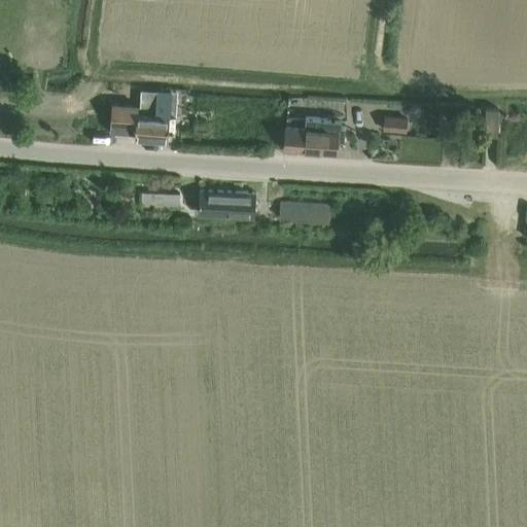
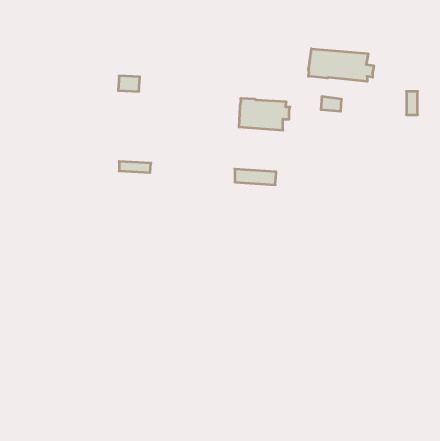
building: none -> [308,49,374,81]
building: [111,105,168,141] -> none
building: [199,191,256,216] -> none

